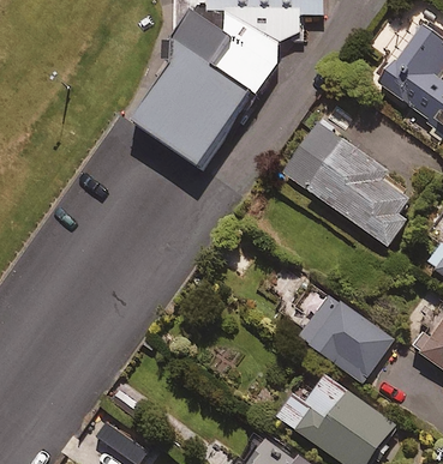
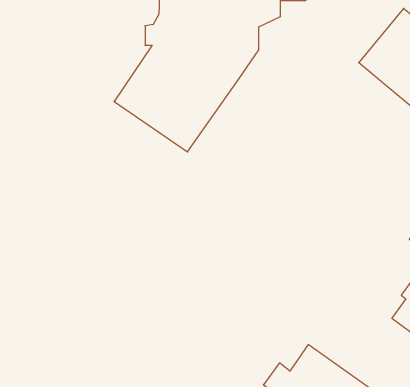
building: [283,122,415,243] -> none
building: [298,294,396,386] -> none

